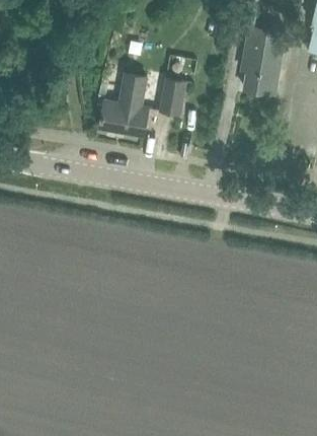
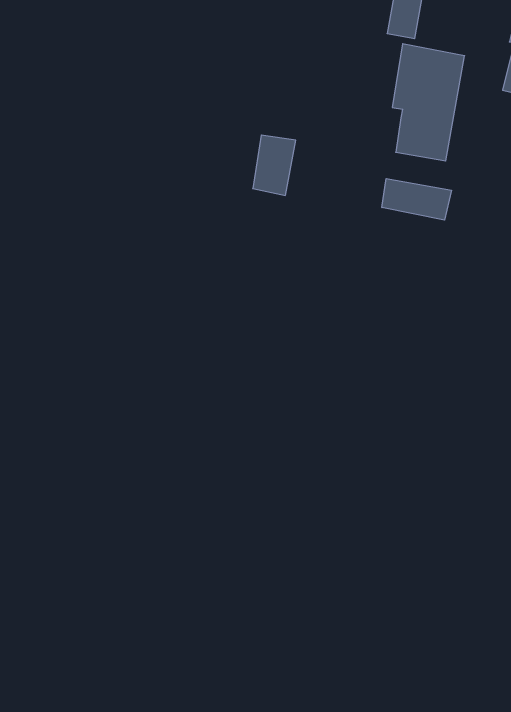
building: [99,73,148,138] -> none
building: none -> [382,179,451,220]

